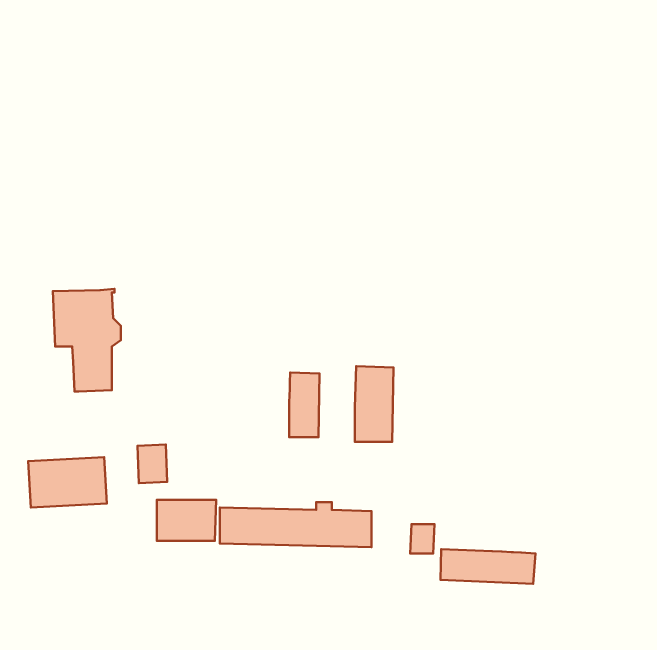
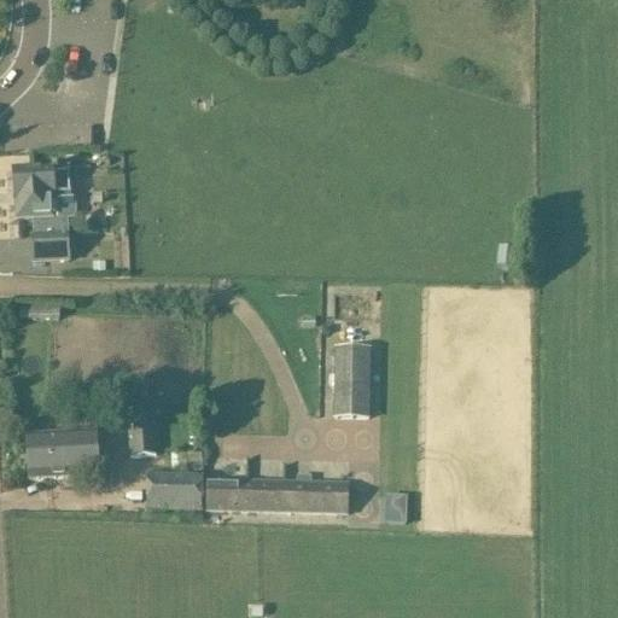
building: [53,289,121,392] -> [13,163,77,260]
building: [289,373,320,437] -> none
building: [440,549,535,584] -> none

